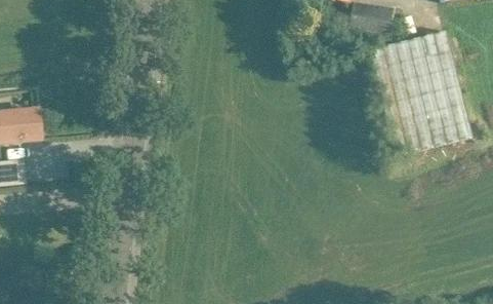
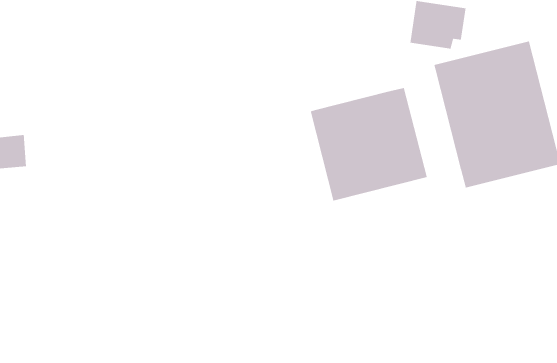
building: none -> [310,87,428,201]

